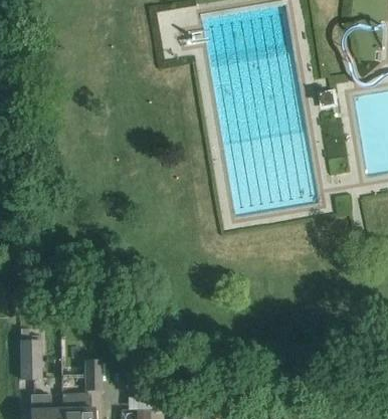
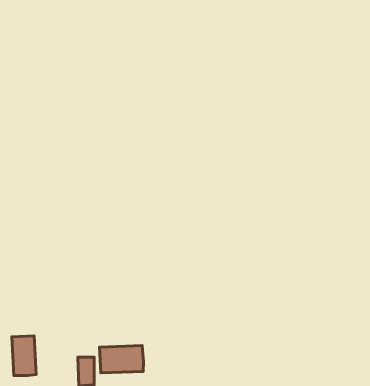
building: none -> [100,345,144,373]

